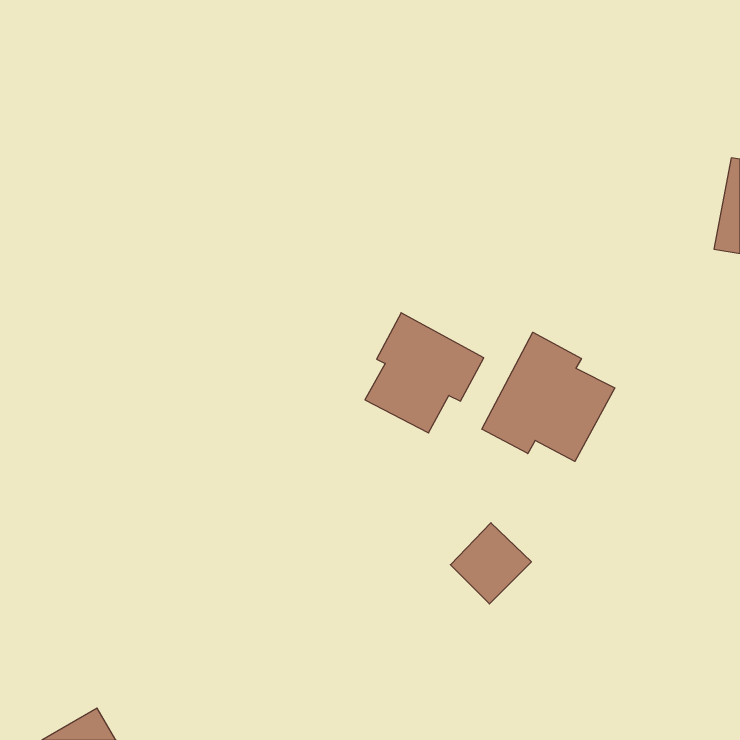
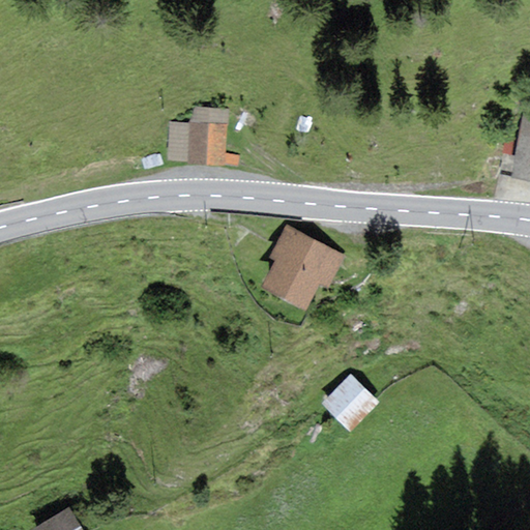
building: none -> [167,108,240,167]
building: [482,332,615,461] -> none

